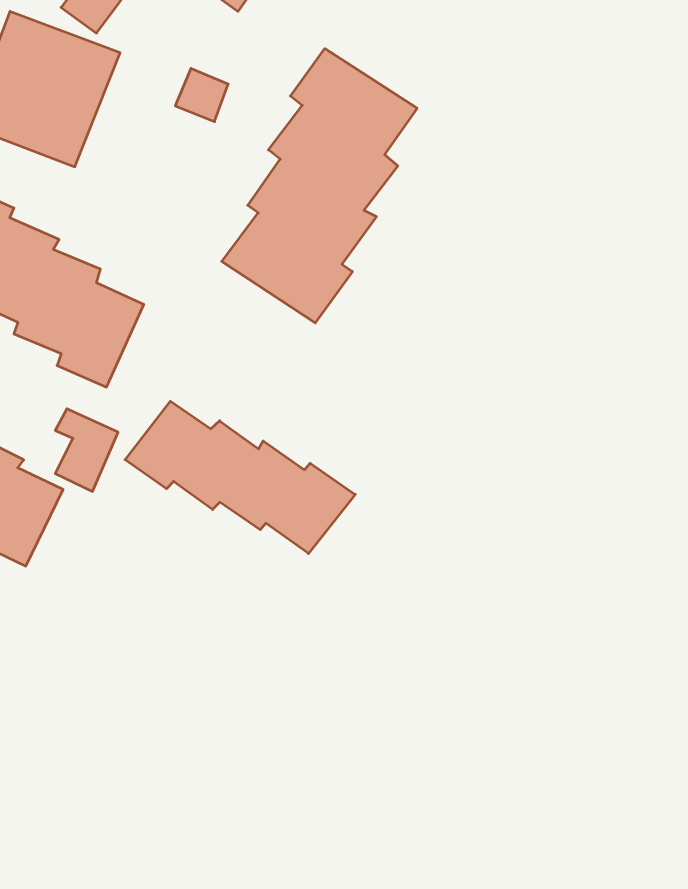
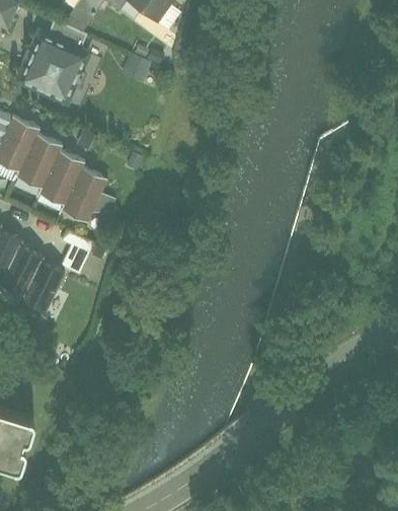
building: [222,49,417,323] -> none
building: [125,401,355,554] -> none

